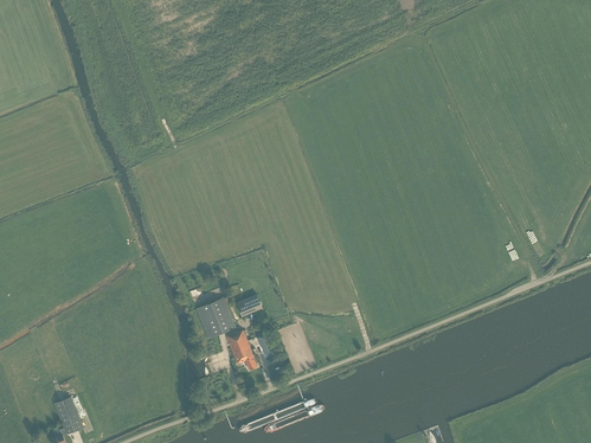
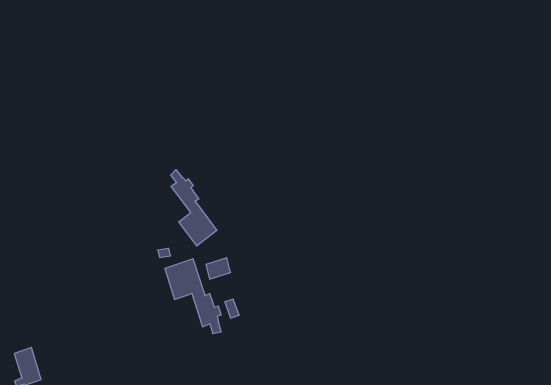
building: none -> [171,170,217,246]

